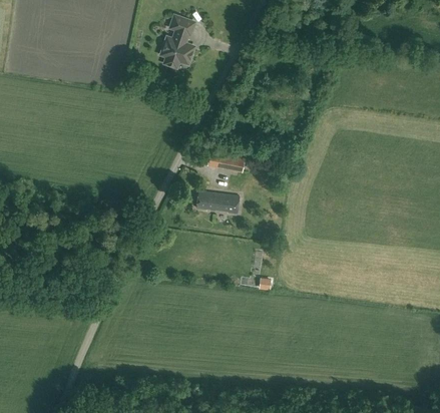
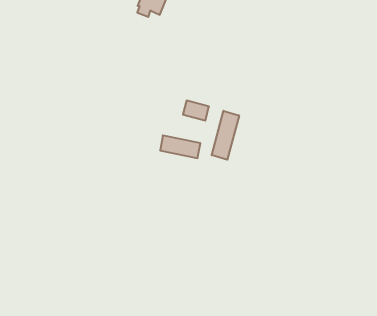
building: none -> [212,111,239,160]

